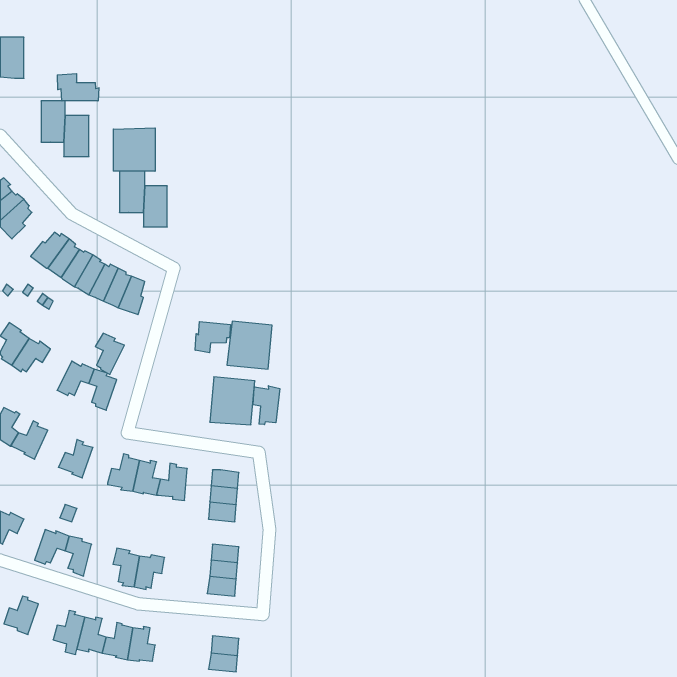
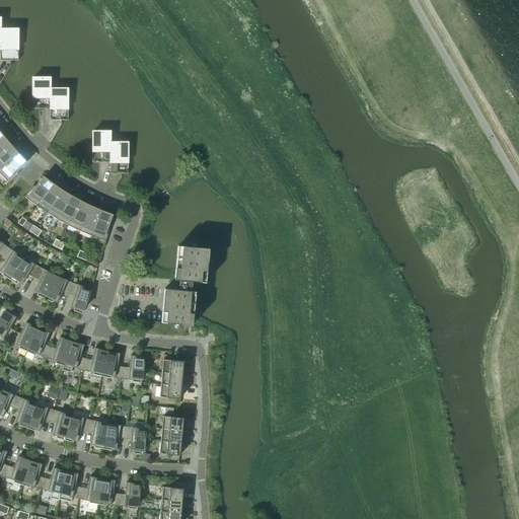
building: [57,74,99,101] -> none
building: [113,128,155,171] -> none
building: [195,322,230,353] -> none
building: [95,333,124,374] -> [33,267,56,298]
building: [253,386,280,425] -> none
building: none -> [27,328,51,357]
building: none -> [63,342,86,372]
building: none -> [14,396,35,428]
building: none -> [65,416,90,442]
building: none -> [125,426,145,454]
building: none -> [22,461,45,489]
building: none -> [118,481,140,509]

